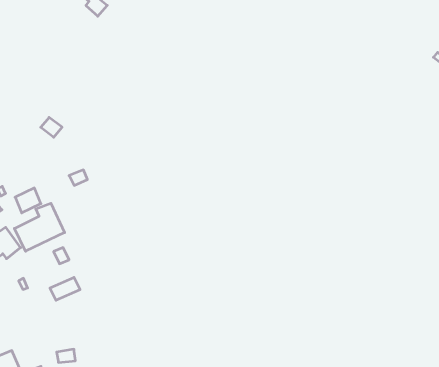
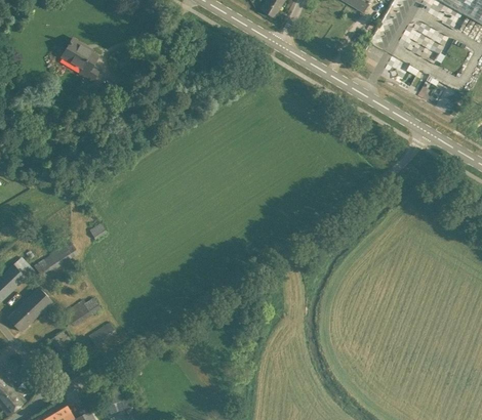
building: [14,203,65,251] -> none

